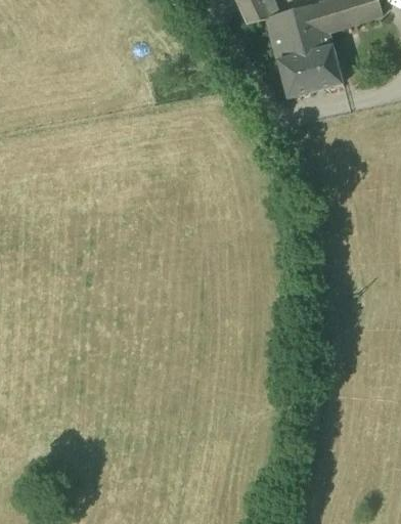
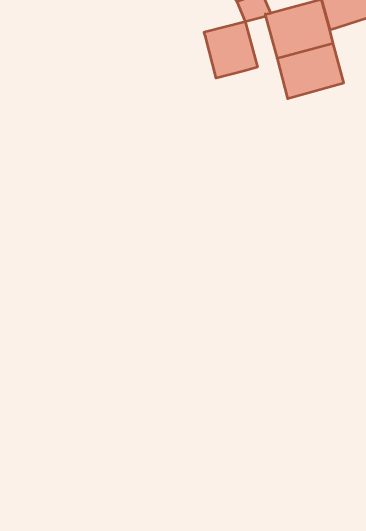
building: none -> [204,21,257,78]

